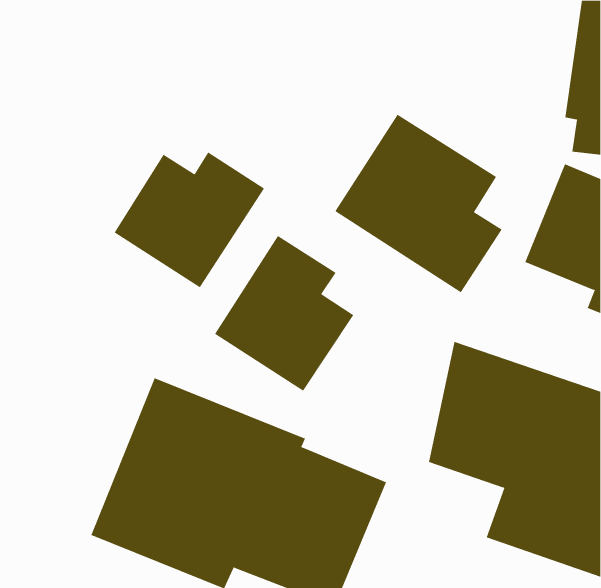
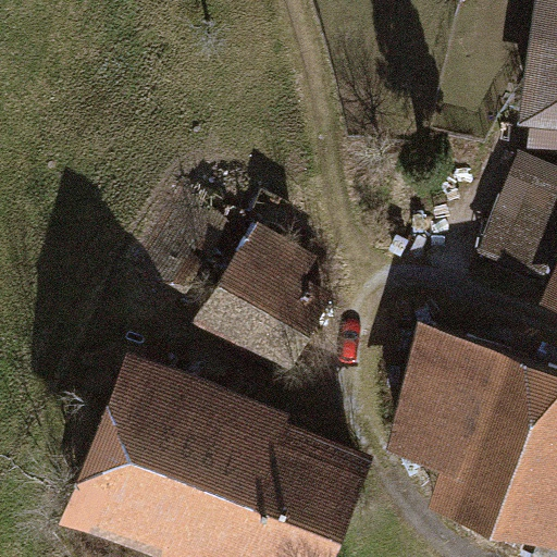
building: [335,114,502,293] -> none
building: [114,151,265,288] -> none

